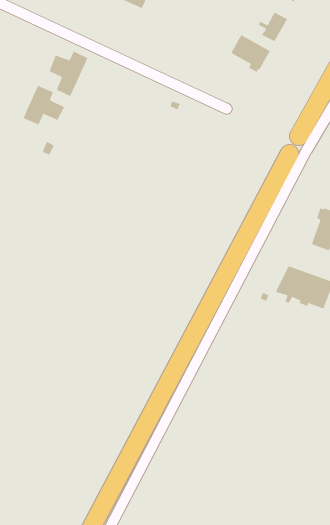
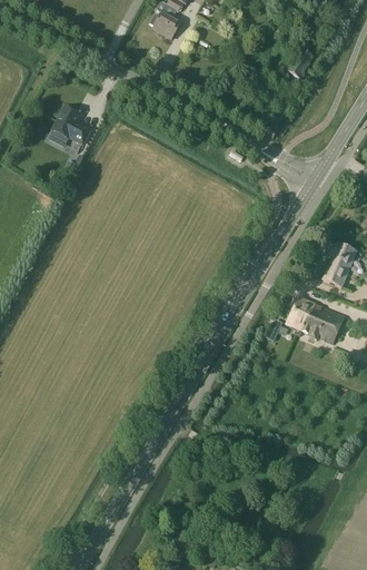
building: [230,34,271,73] -> none
building: [48,51,88,97] -> none

